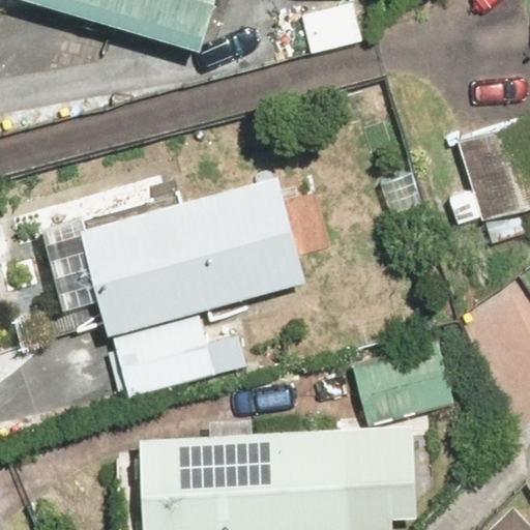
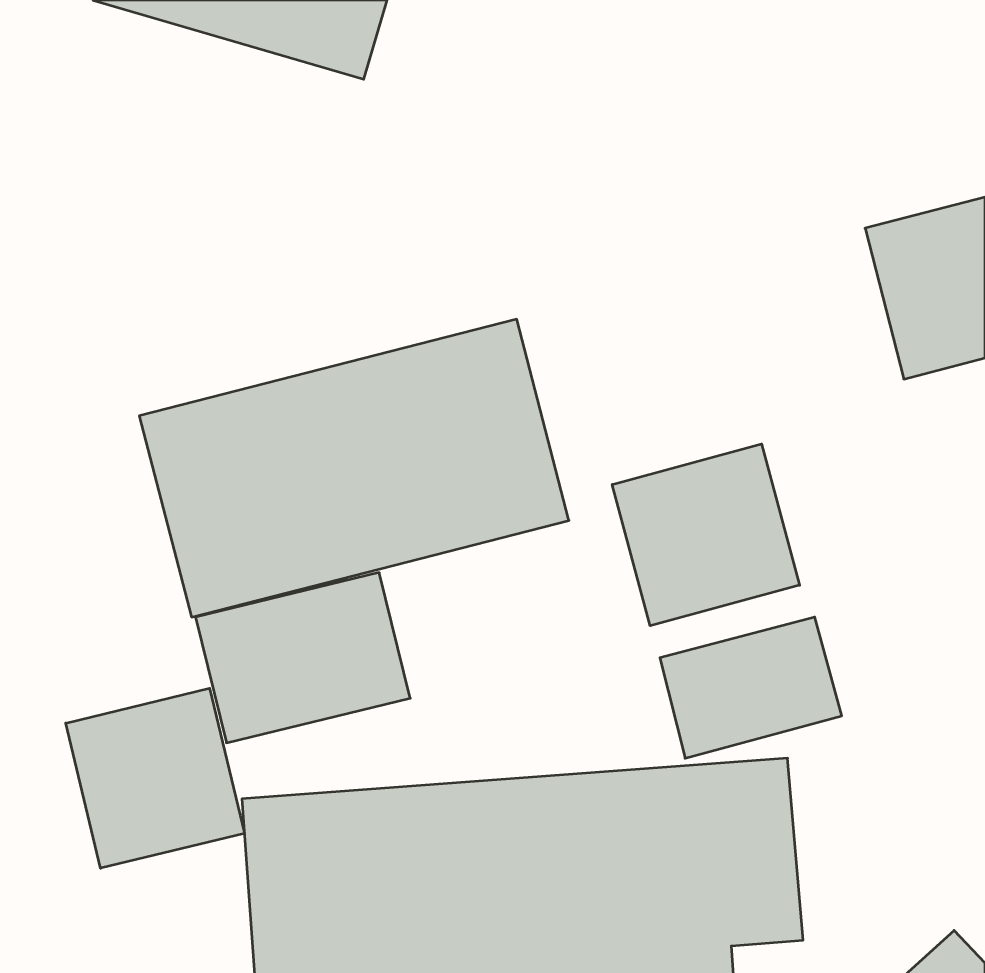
building: none -> [612,444,800,626]
building: none -> [66,688,244,868]

